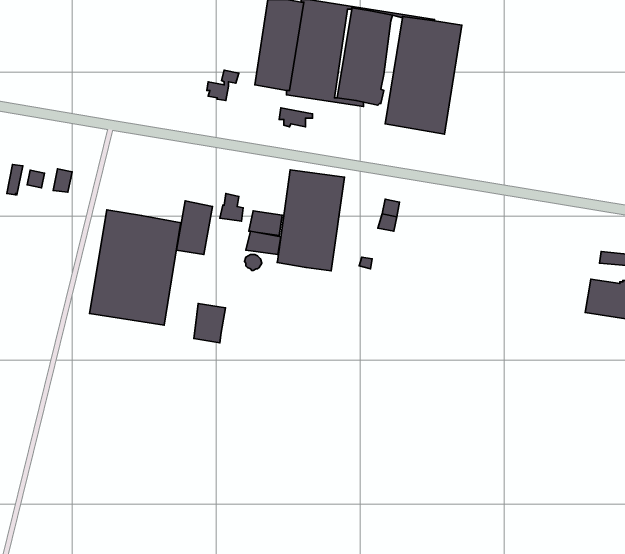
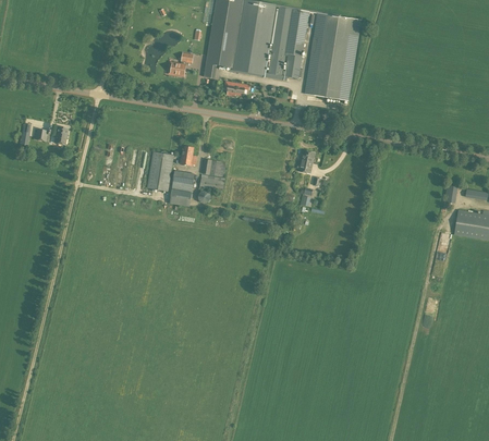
building: [277,170,345,271] -> none
building: [90,210,181,325] -> none
building: [194,304,226,343] -> [170,171,194,200]

